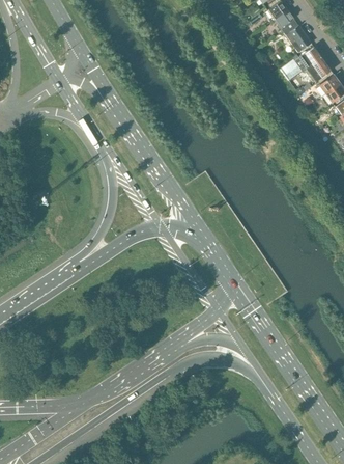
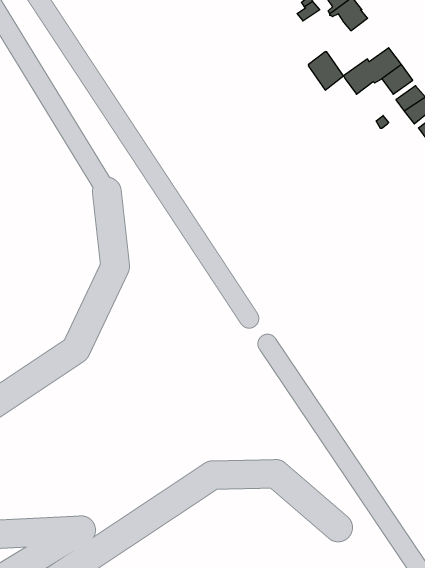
building: [285,25,311,53] -> [308,52,344,90]

